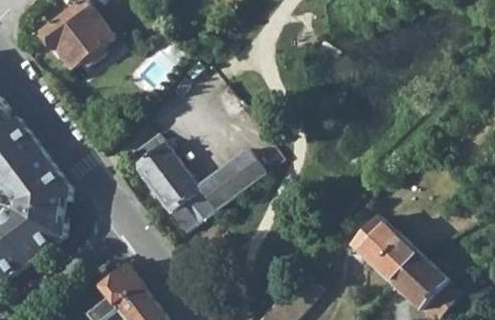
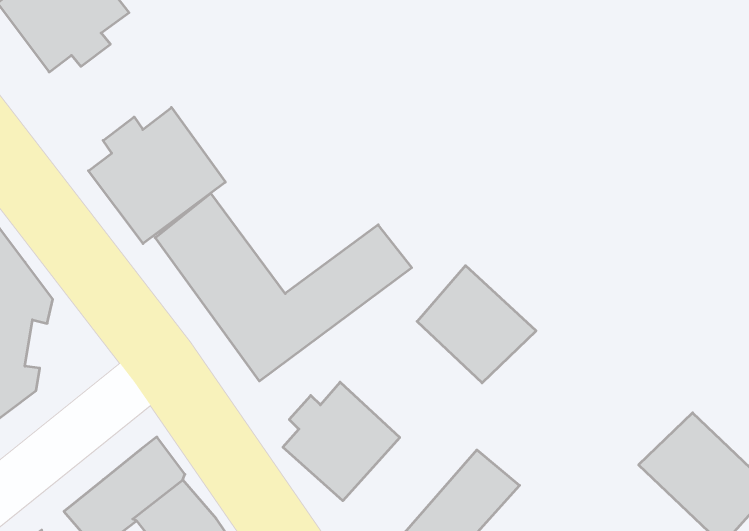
building: none -> [88,107,225,244]
building: [352,215,416,278] -> [417,266,536,383]
building: none -> [283,382,400,501]

